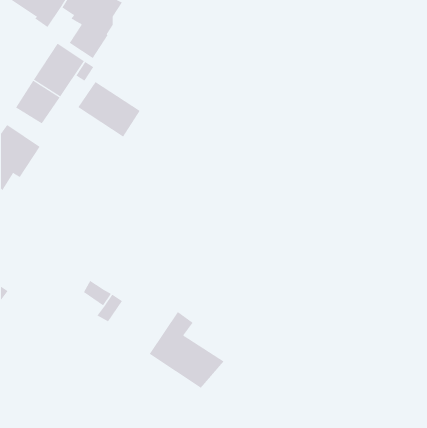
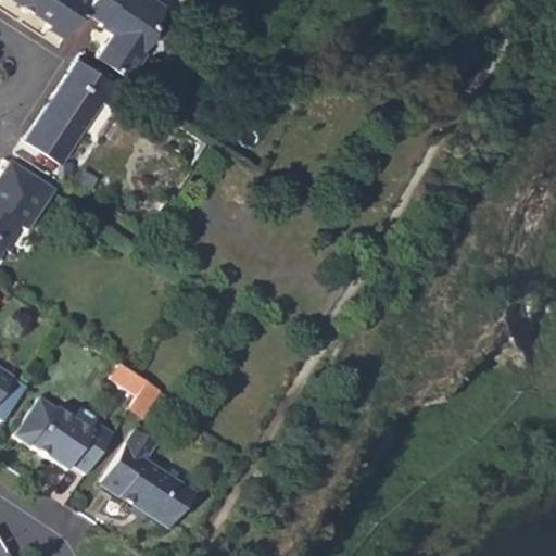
building: [77,81,141,137] -> none
building: none -> [17,399,113,472]
building: [149,311,225,388] -> [101,428,199,528]

